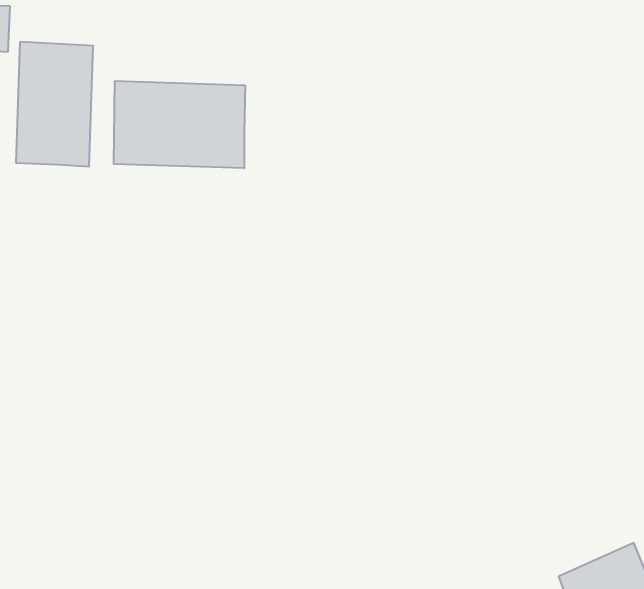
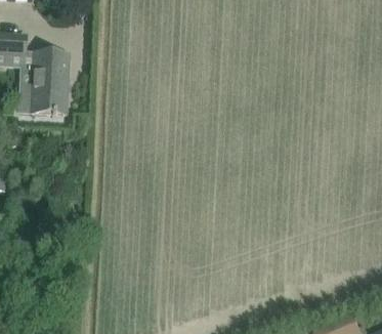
building: [114,81,245,168] -> none

